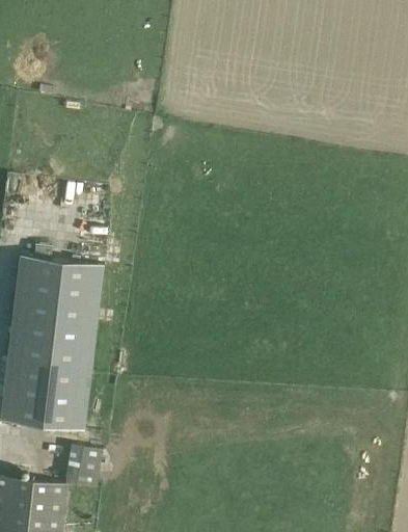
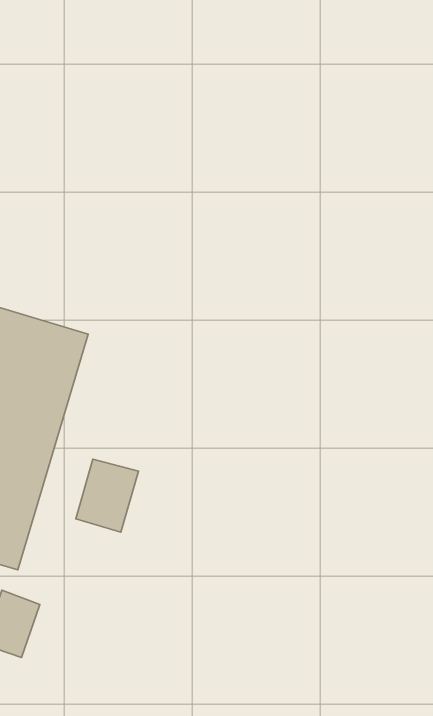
building: none -> [76,459,139,532]

